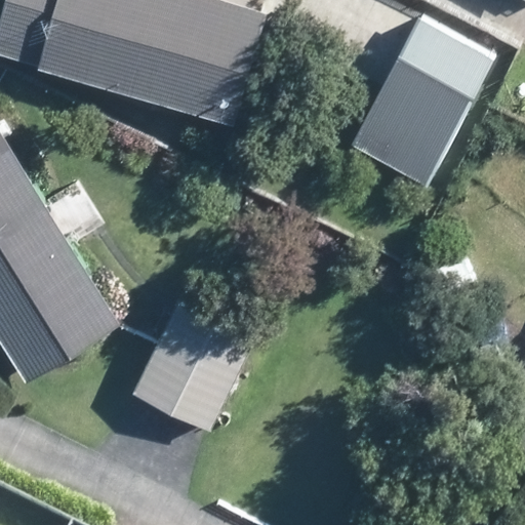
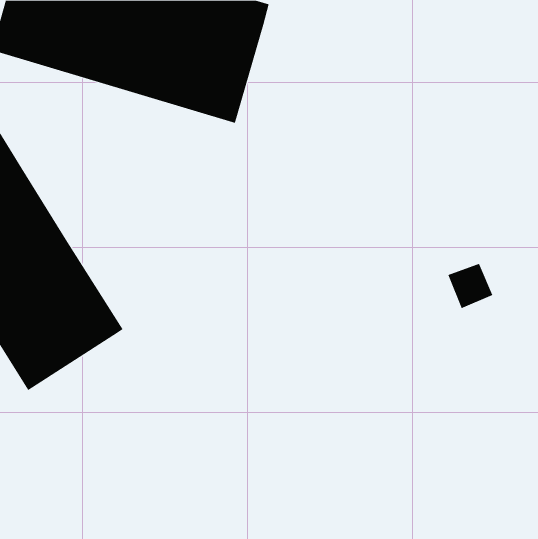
building: [351,19,493,186] -> none
building: [132,300,251,430] -> none

